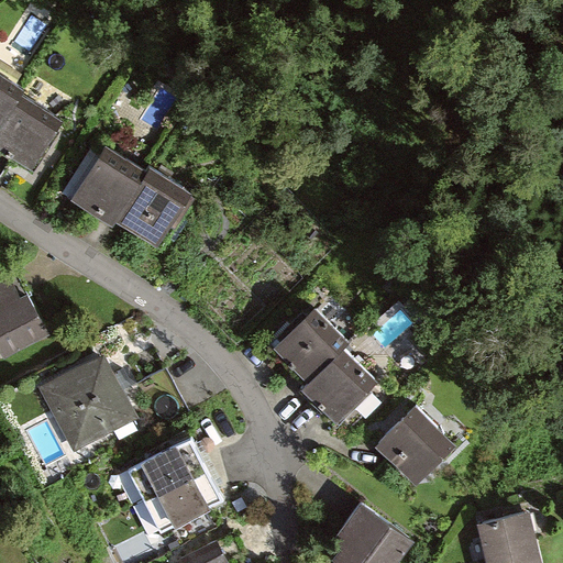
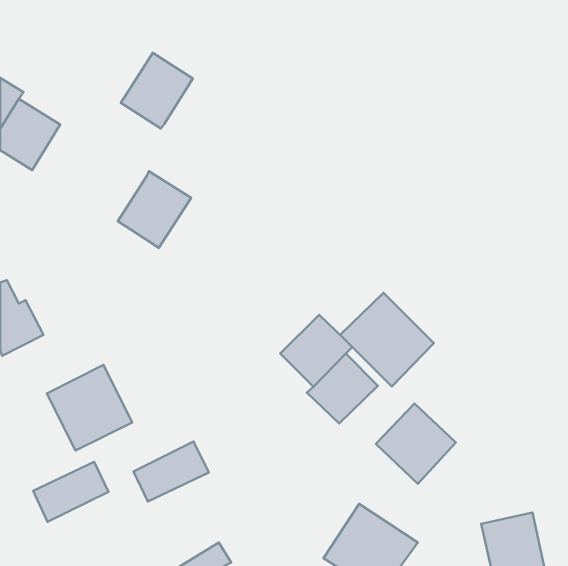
building: [74,151,145,225] -> [121,53,193,129]
building: none -> [340,293,434,386]
building: [146,470,221,529] -> [33,462,109,522]

